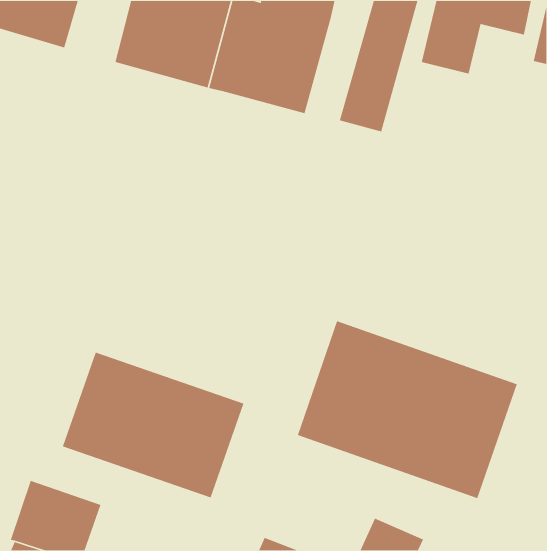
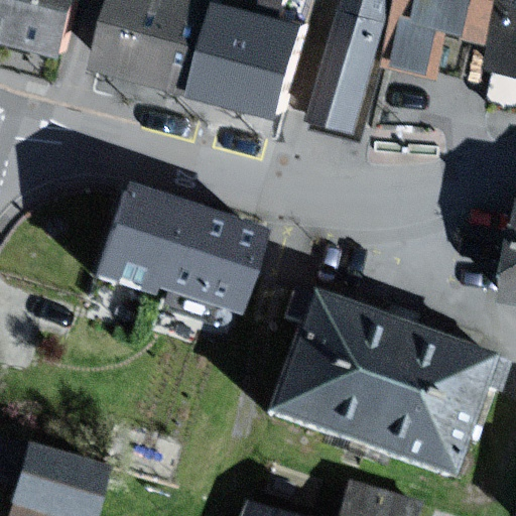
building: none -> [96,186,259,307]
building: [62,352,245,499] -> none

